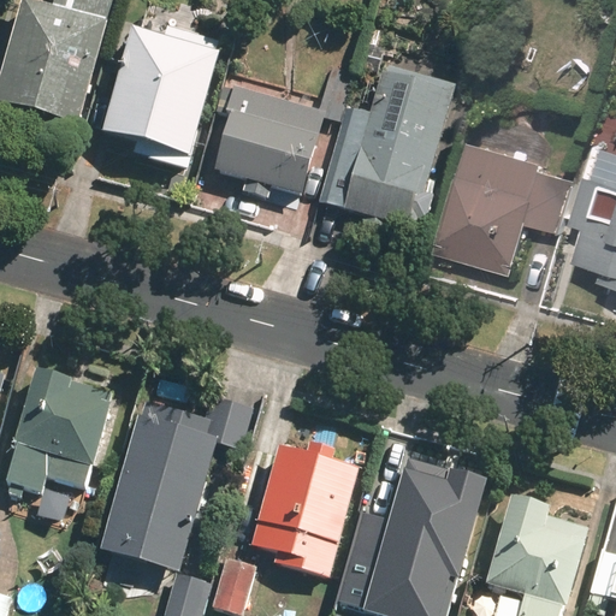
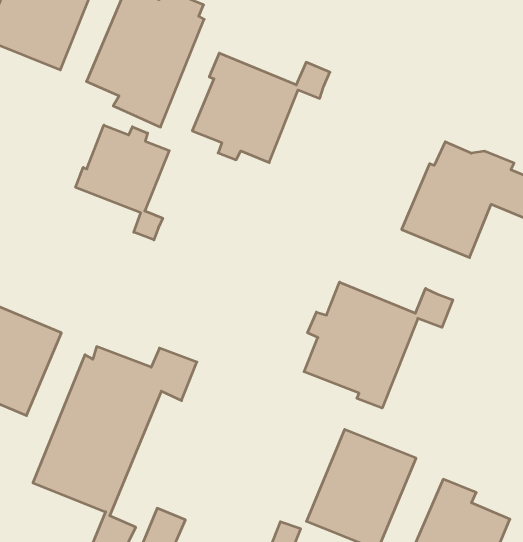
building: [319,70,452,231] -> none
building: none -> [76,125,169,240]
building: none -> [304,282,453,408]
building: [253,442,356,573] -> none

